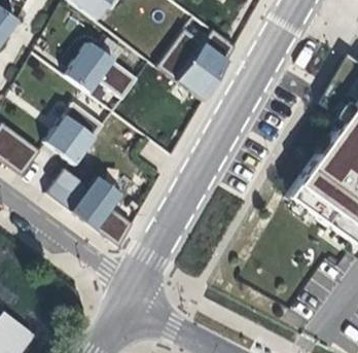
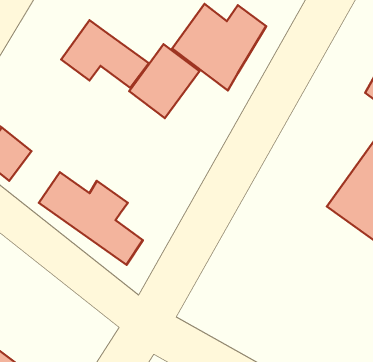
building: [46,102,105,164] -> [129,44,199,118]

